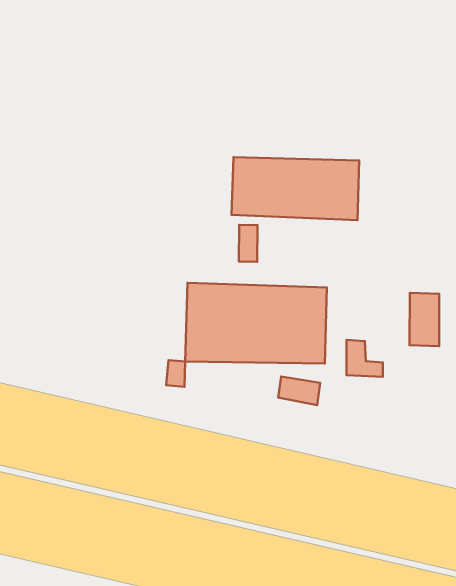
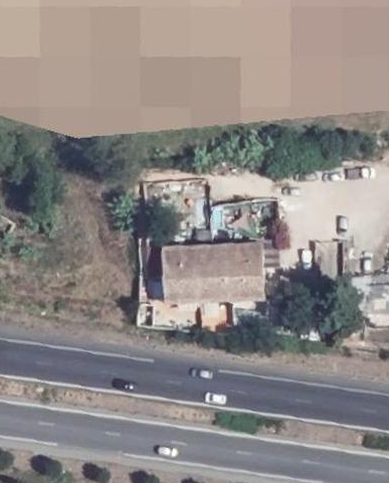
building: [232,157,359,220] -> none

